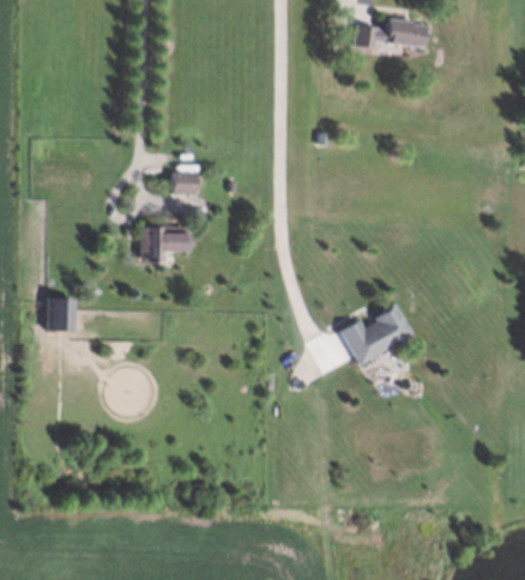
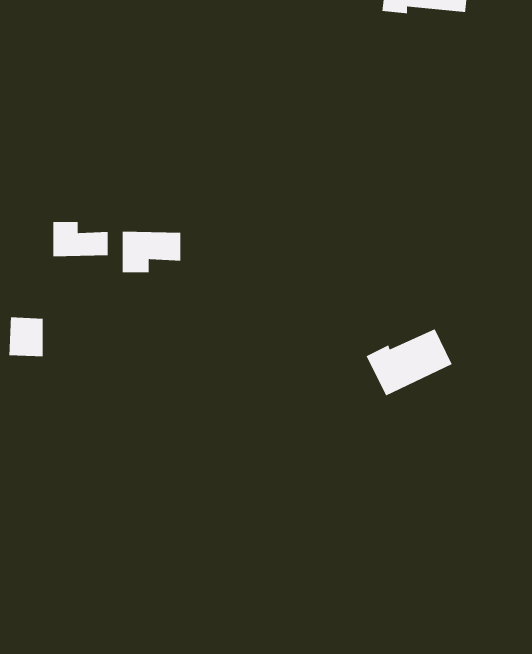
building: [173,171,198,194] -> none
building: none -> [52,221,109,257]

